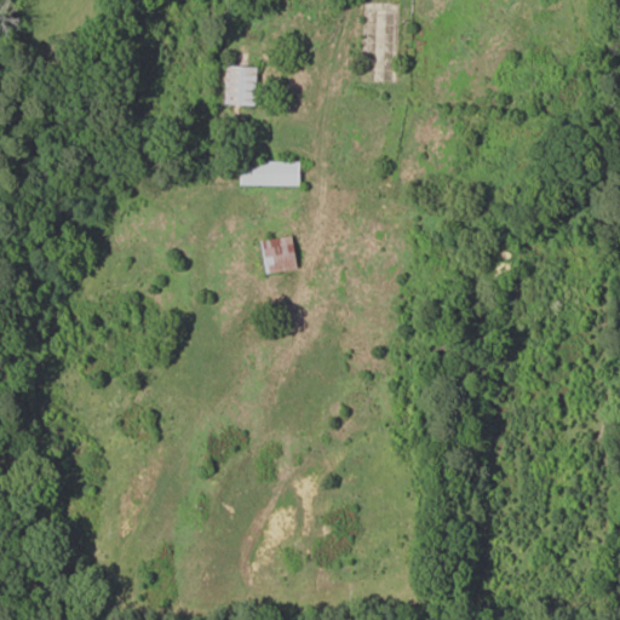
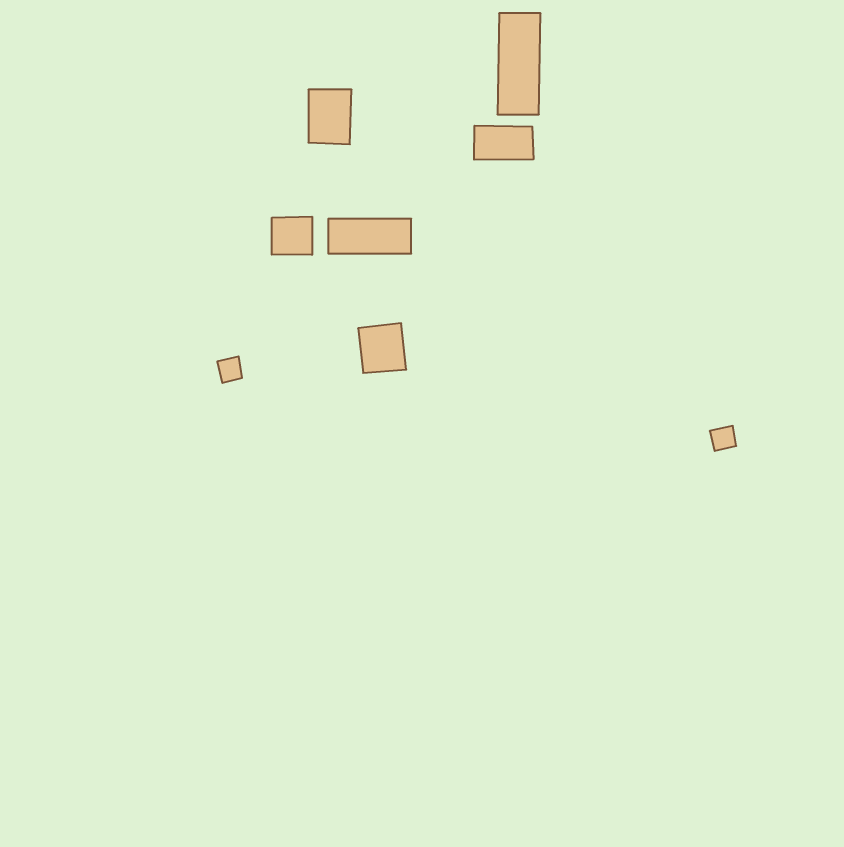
building: none -> [474,126,533,160]
building: none -> [272,217,312,255]

